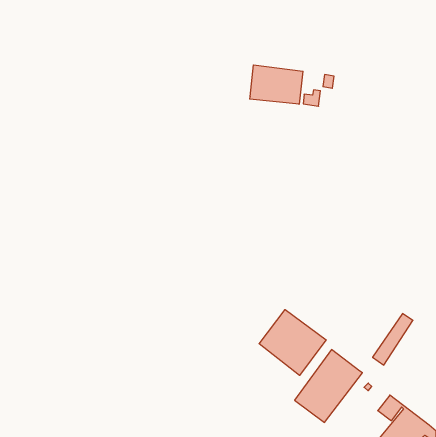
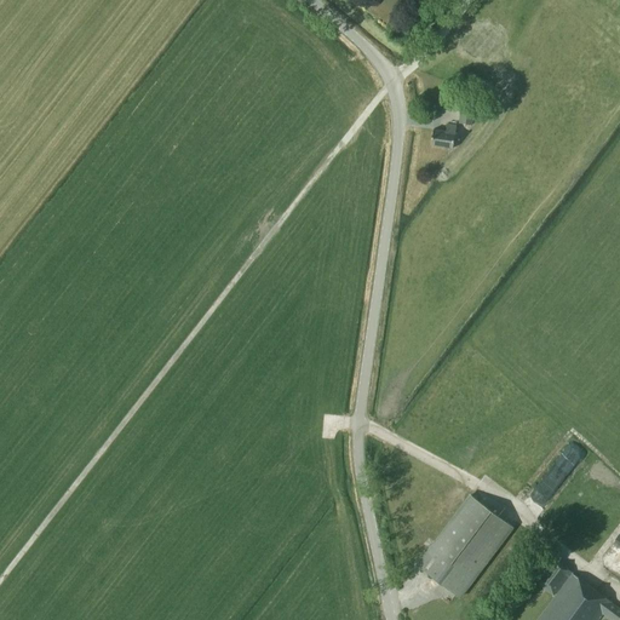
building: [250,65,303,104] -> none
building: [259,310,326,375] -> none

